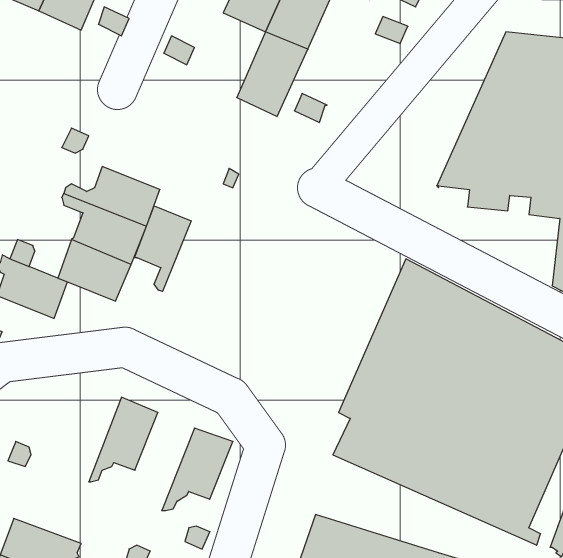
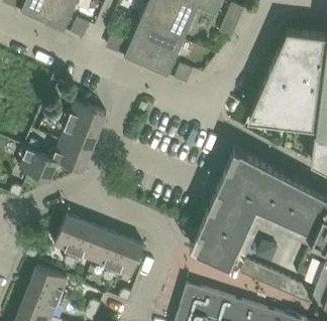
building: none -> [123,21,160,65]
building: [134,206,191,291] -> none
building: none -> [53,215,85,267]
building: none -> [92,230,123,282]
building: none -> [28,266,67,299]

